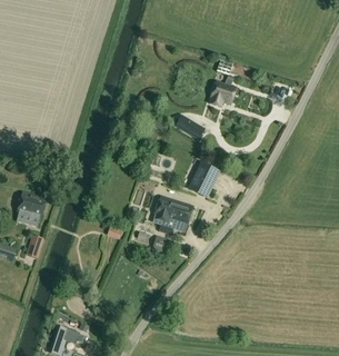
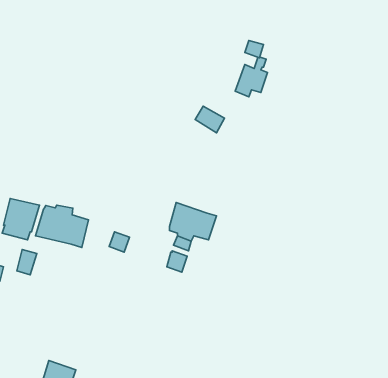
building: [188,164,220,198] -> none
building: none -> [35,205,89,247]

